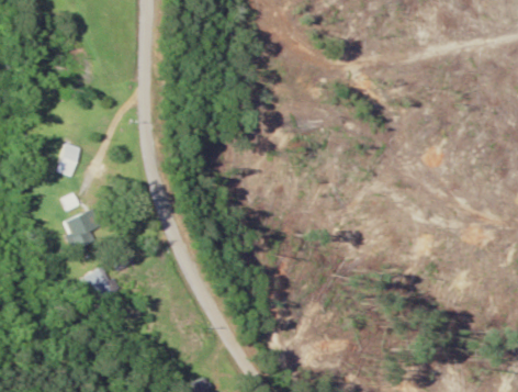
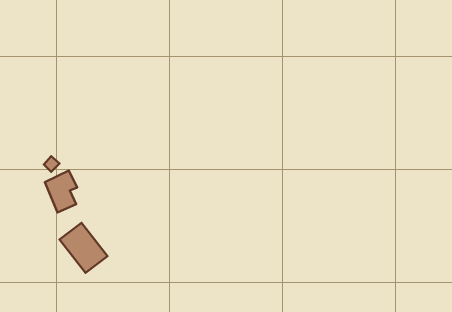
building: [54,142,82,176] -> none

